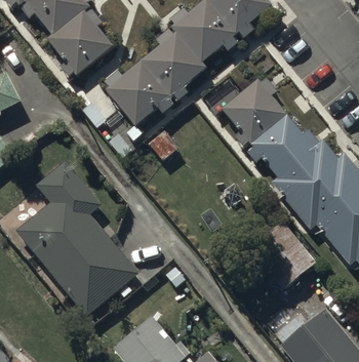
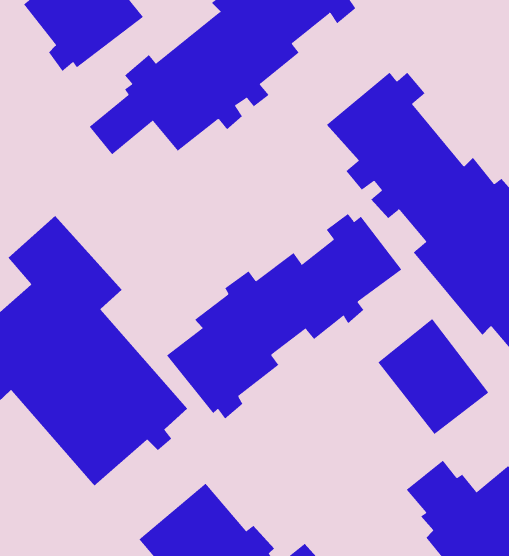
building: none -> [166,213,402,419]

